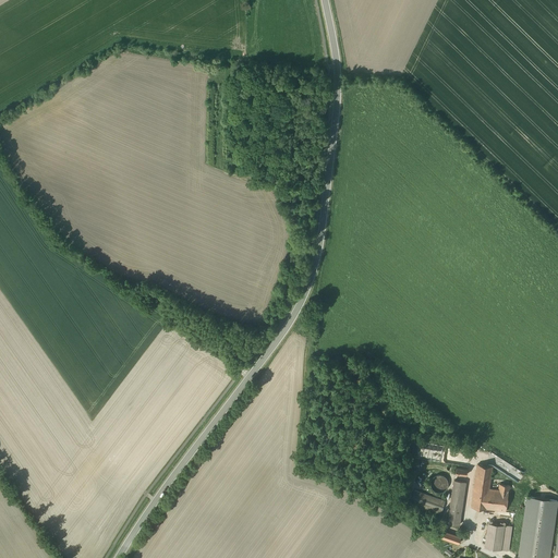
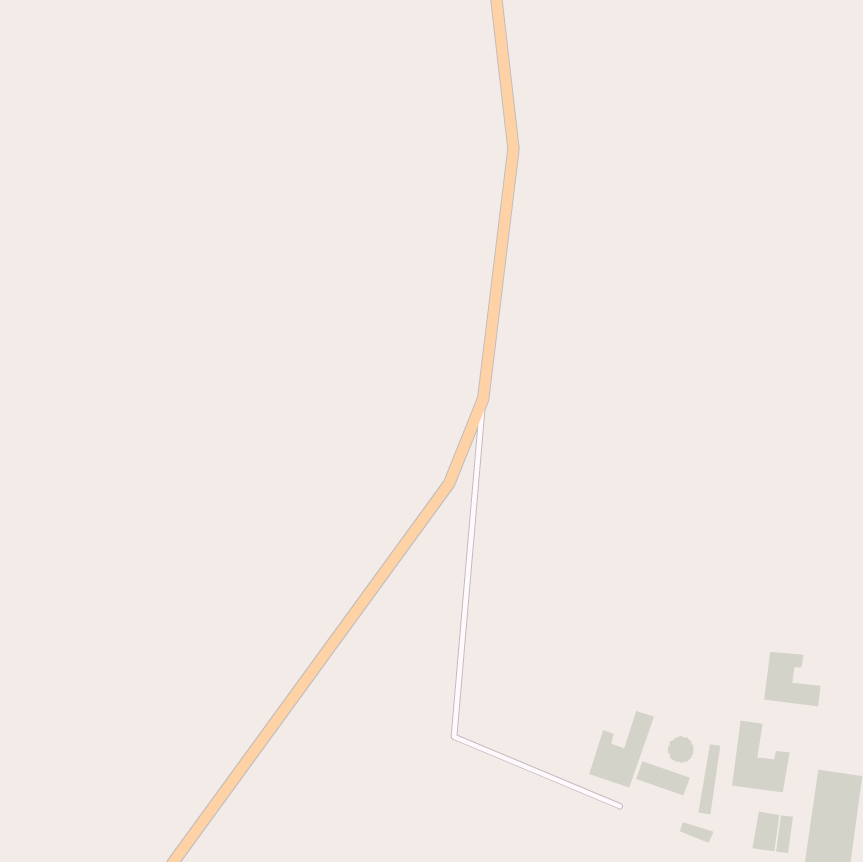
building: none -> [763,651,821,707]
building: none -> [589,710,655,789]

